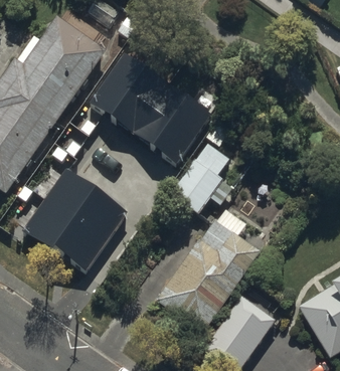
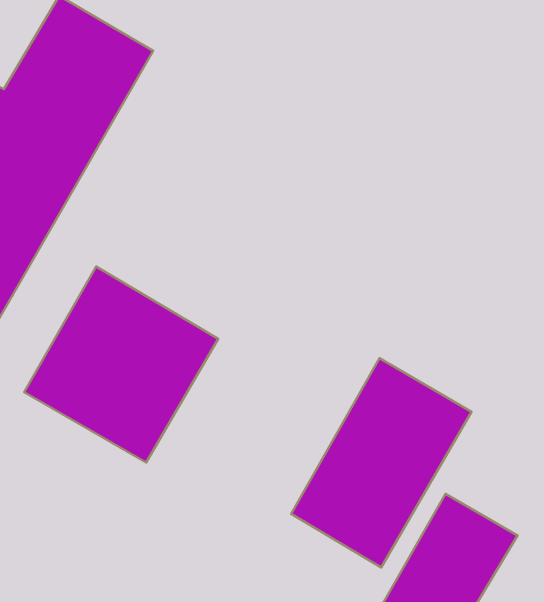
building: [86,45,211,160] -> none
building: [171,143,237,216] -> none

